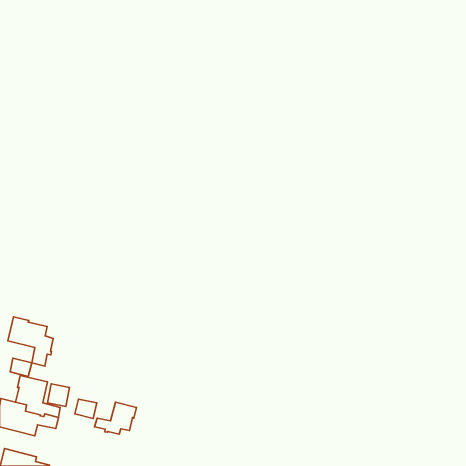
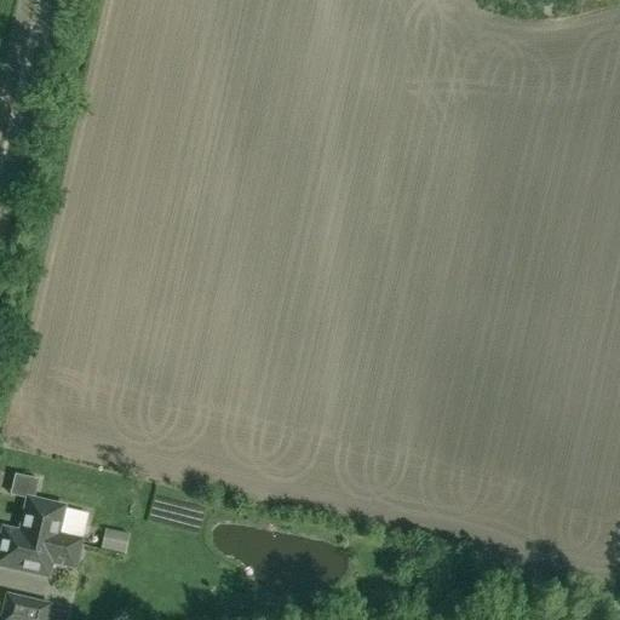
building: [8,317,53,366] -> none
building: [95,402,136,434] -> none

